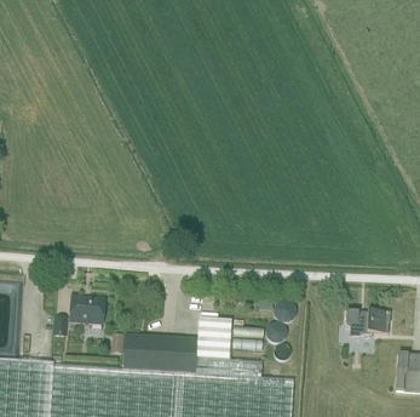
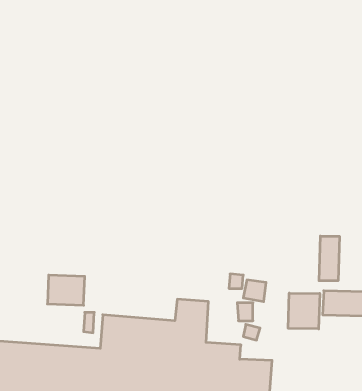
building: none -> [319,236,339,281]
building: none -> [288,293,320,329]

